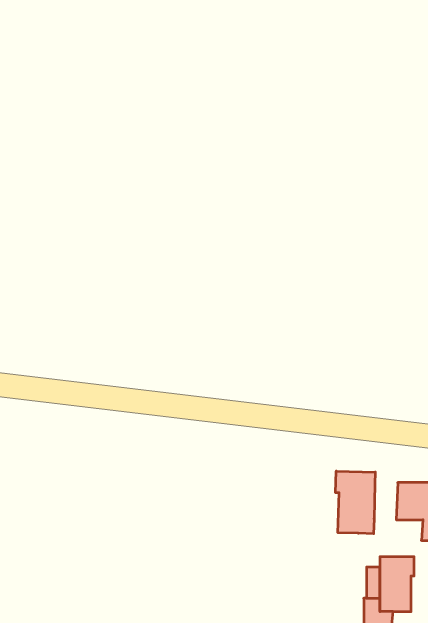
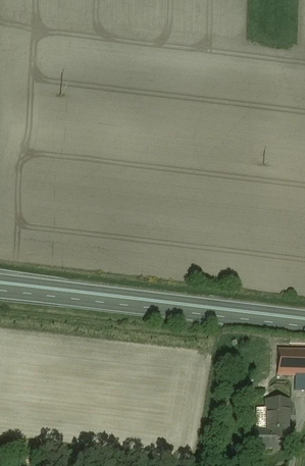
building: [336,471,375,534] -> none

